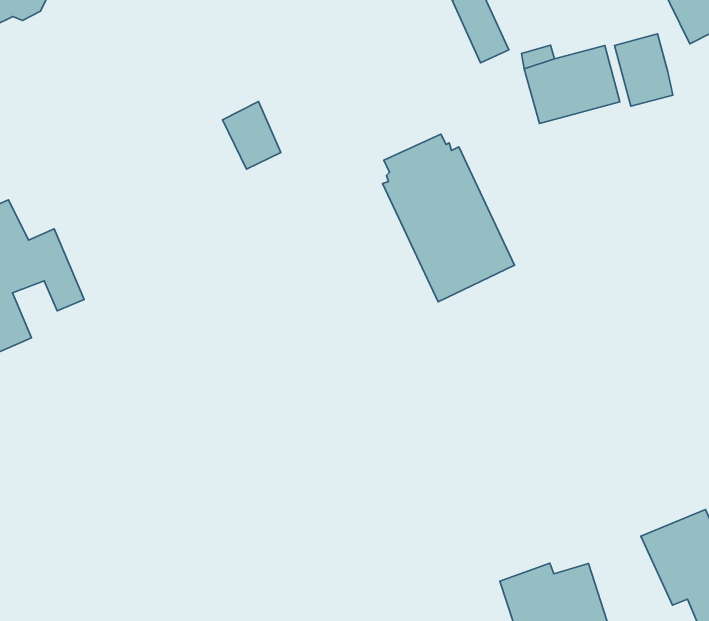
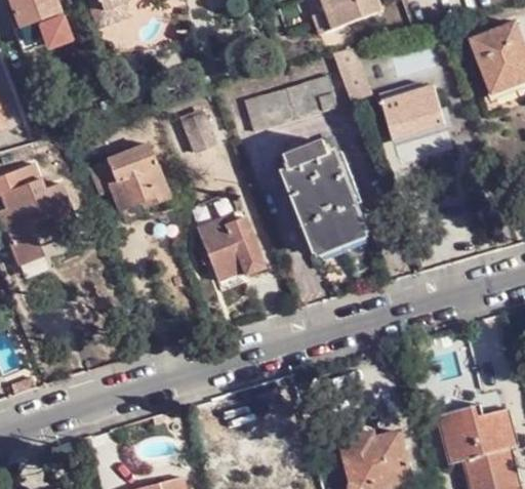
building: [614,34,673,106] -> none
building: none -> [251,77,344,130]
building: none -> [89,144,168,209]
building: none -> [196,215,261,279]

